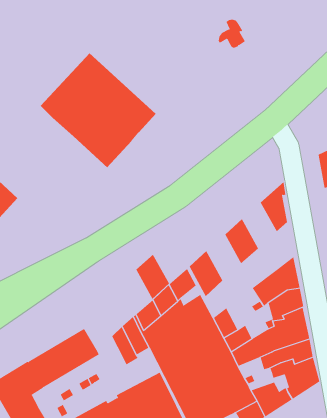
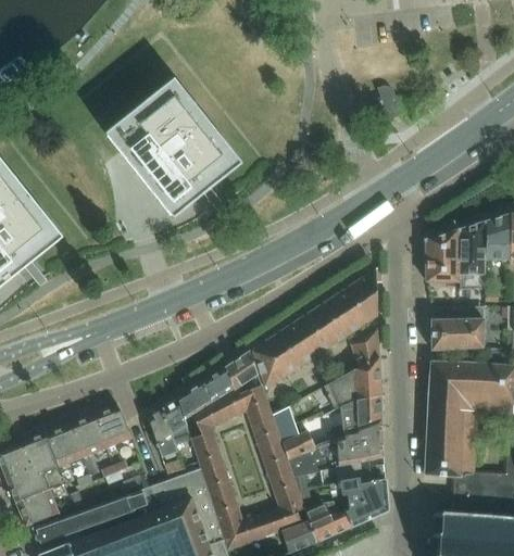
building: [218,19,247,48] -> [365,86,399,121]
building: none -> [324,287,362,341]
building: none -> [351,330,378,368]
building: [135,254,170,300] -> [276,318,314,372]

